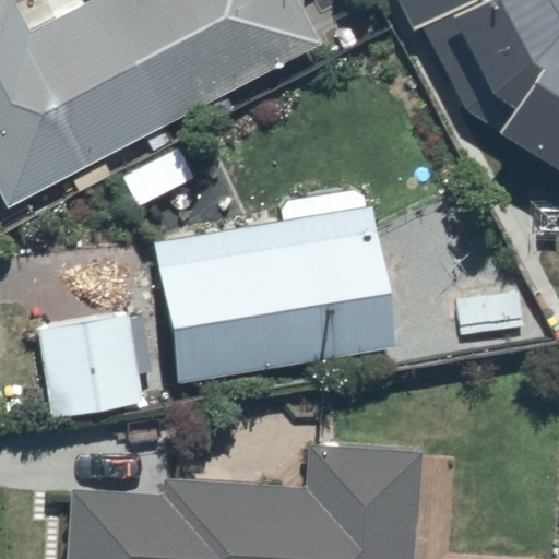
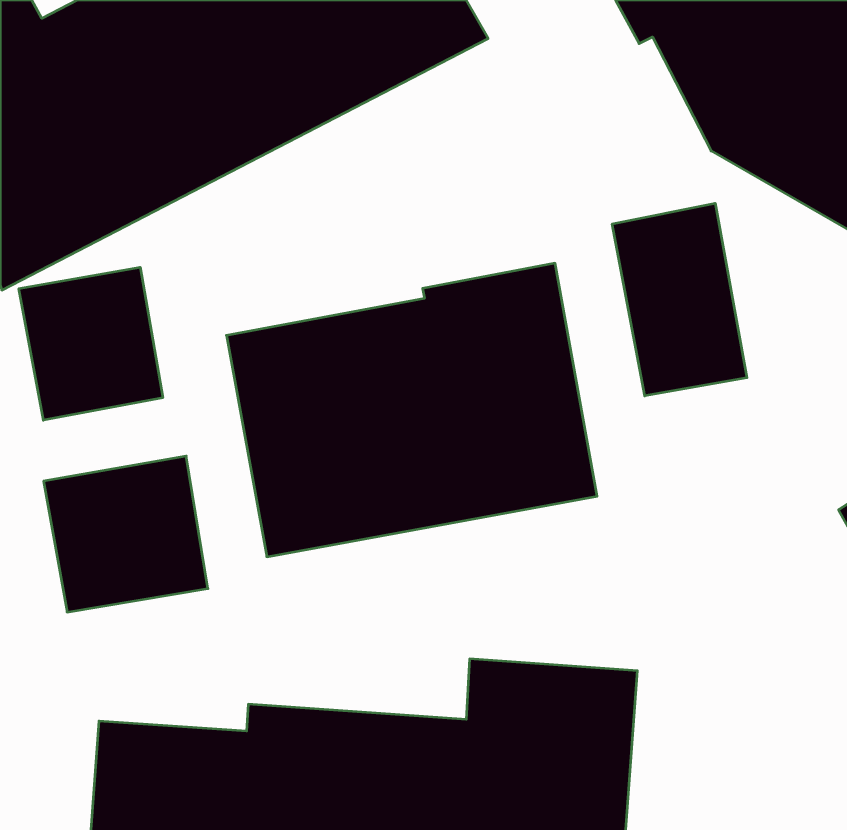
building: none -> [612,203,747,396]
building: none -> [19,267,163,420]

